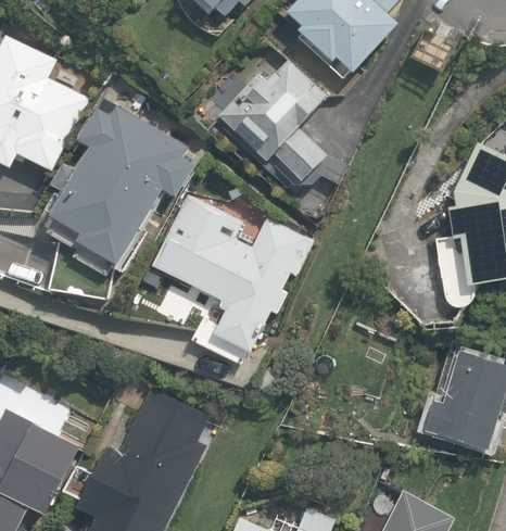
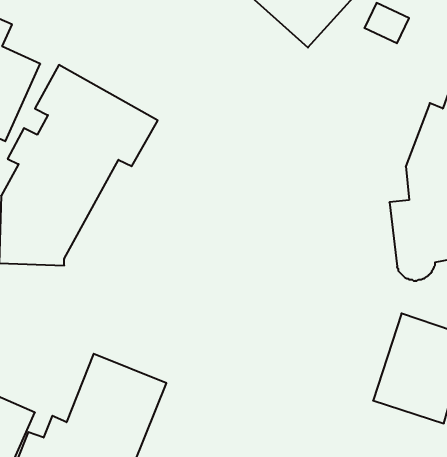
building: [211,51,344,195] -> none
building: [149,198,308,357] -> none

